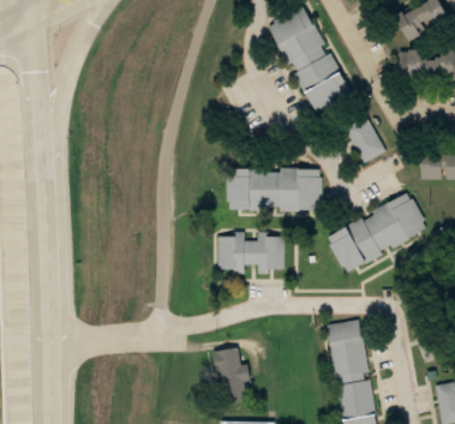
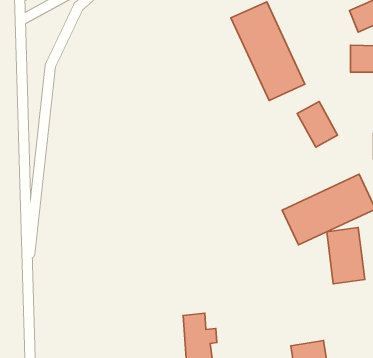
building: [228,167,321,210] -> none
building: [214,233,285,270] -> none
building: [324,320,366,382] -> [327,227,365,284]

